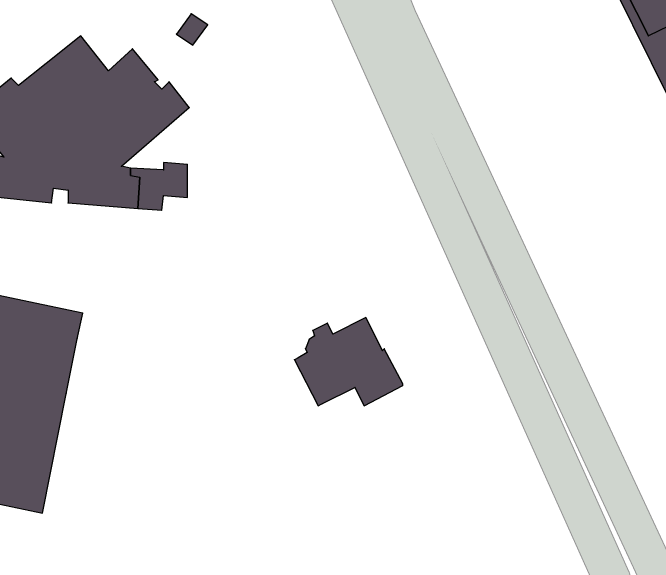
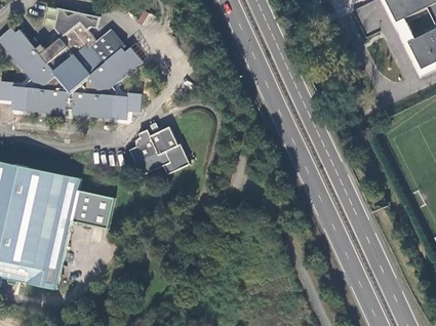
building: none -> [54,8,97,36]
building: [294,318,403,406] -> [128,126,189,175]
building: none -> [73,190,113,228]

